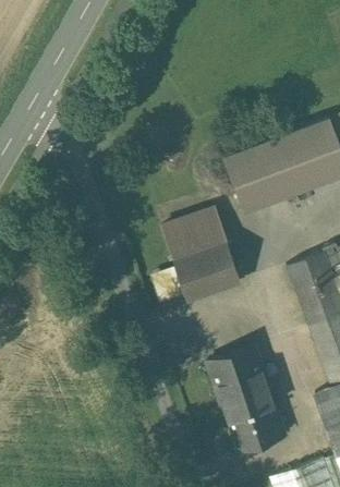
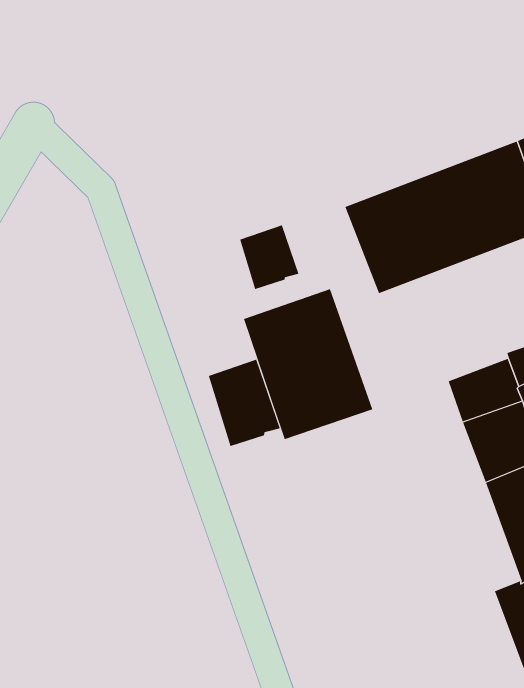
building: none -> [239,224,299,290]
building: none -> [208,359,280,447]
building: [206,346,284,448] -> none

